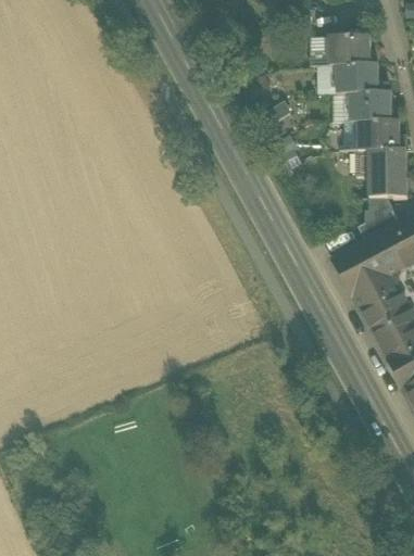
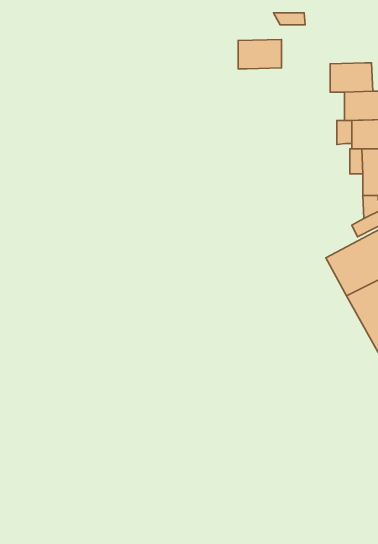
building: [327,35,371,64] -> [238,39,282,69]

